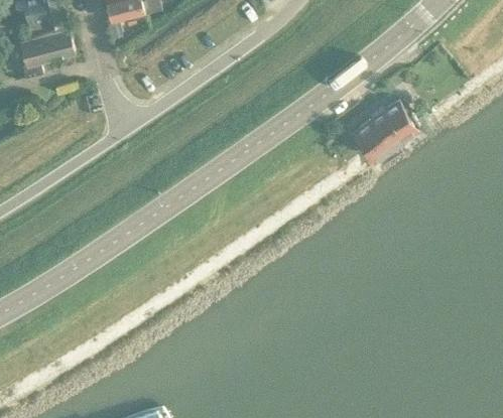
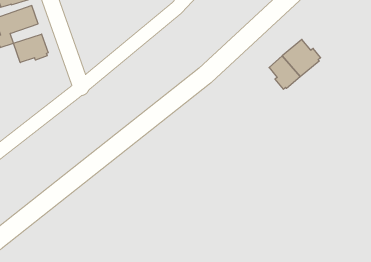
building: none -> [14,34,48,63]

